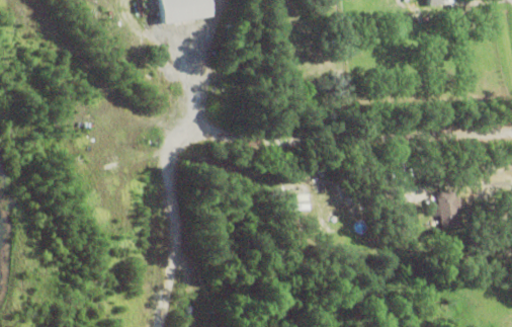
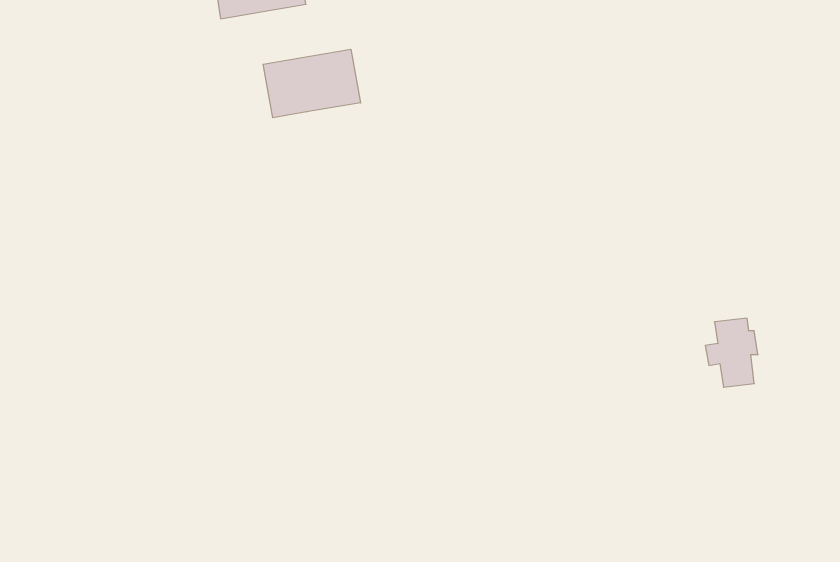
building: none -> [263,49,361,118]

